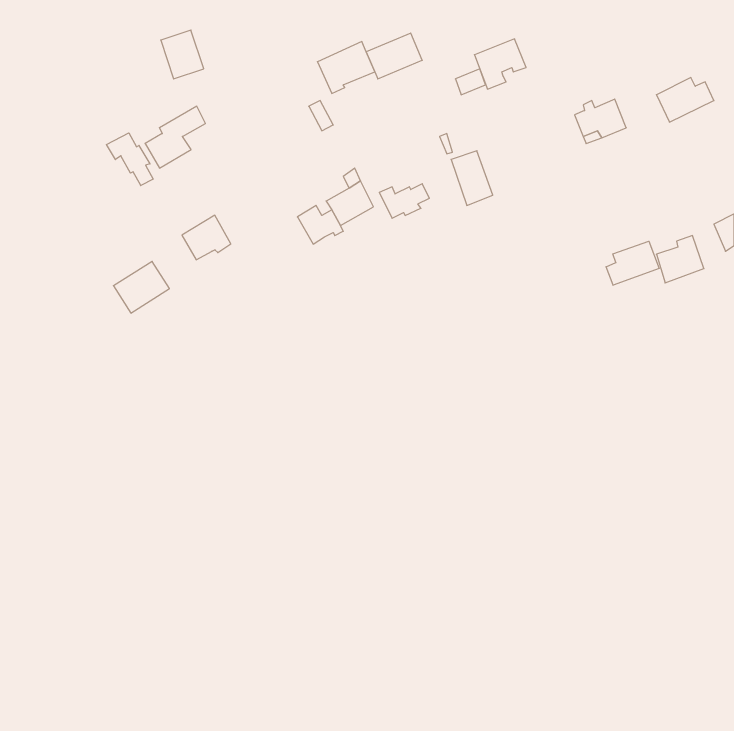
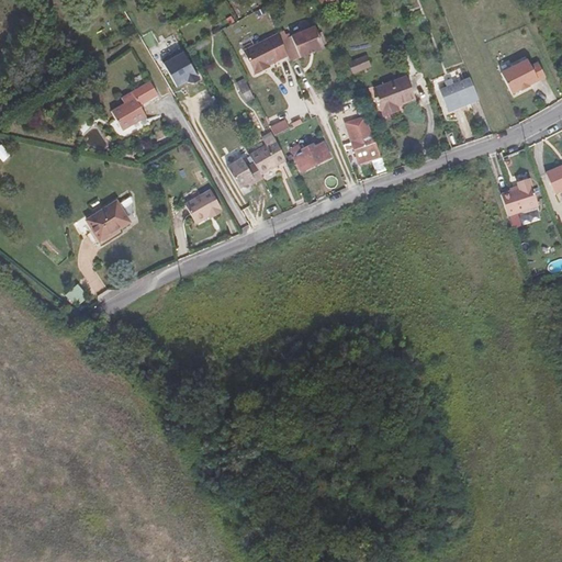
building: [161,30,204,79] -> [162,47,195,85]
building: [474,39,526,89] -> [374,76,414,114]
building: [106,133,153,186] -> none
building: [182,215,231,260] -> [184,188,222,222]
building: [606,241,659,285] -> none

